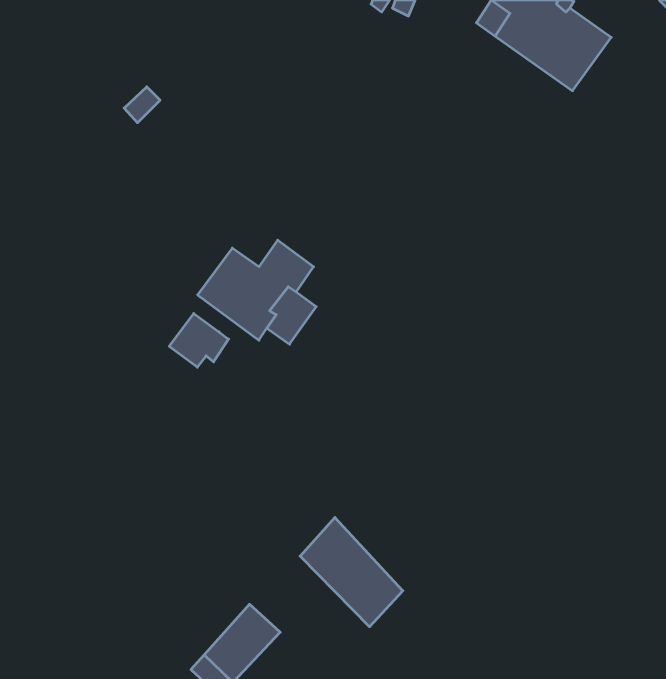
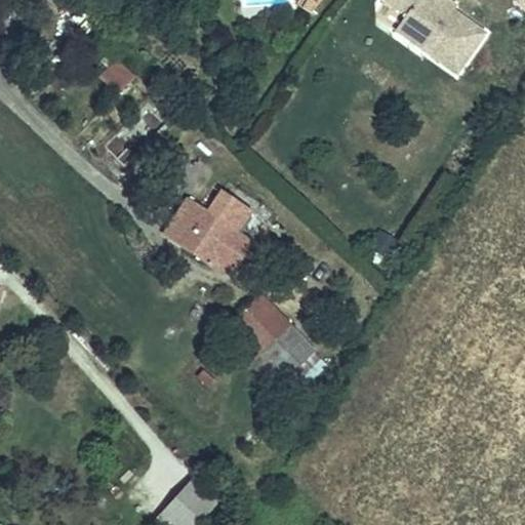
building: [169,313,229,367] -> none
building: [300,517,403,627] -> [233,292,312,376]

